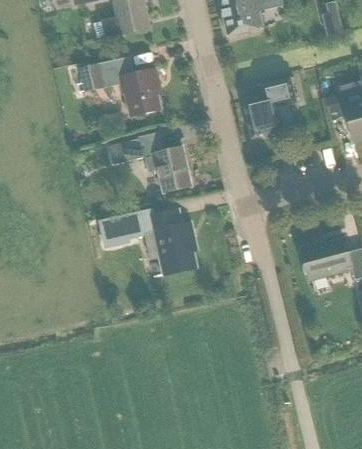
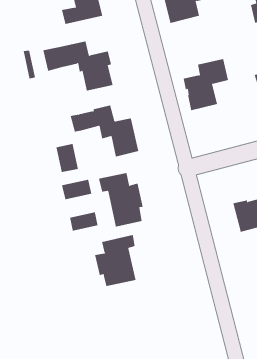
building: none -> [56,143,79,173]
building: none -> [70,212,98,232]
building: none -> [95,234,136,287]

